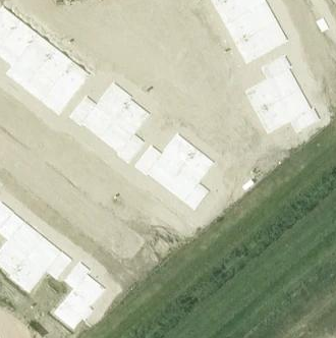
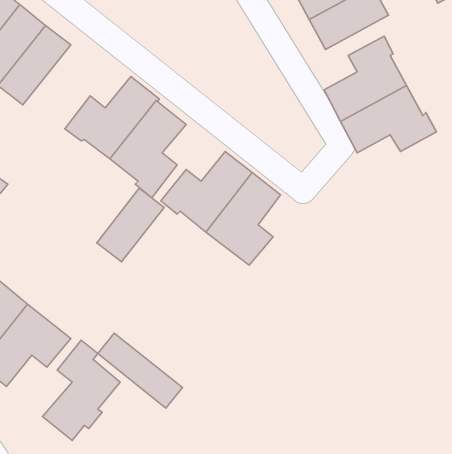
building: [40,59,91,114] -> none
building: none -> [97,188,164,262]
building: none -> [98,333,182,408]

